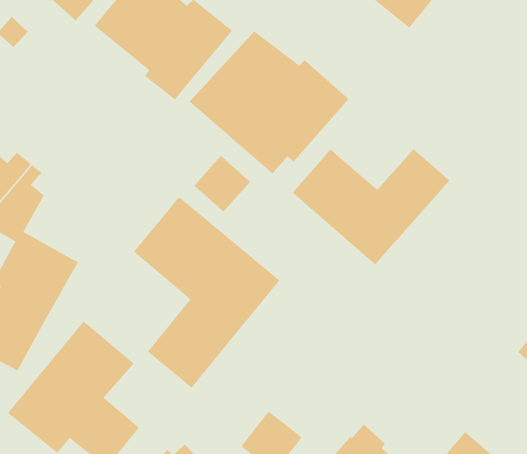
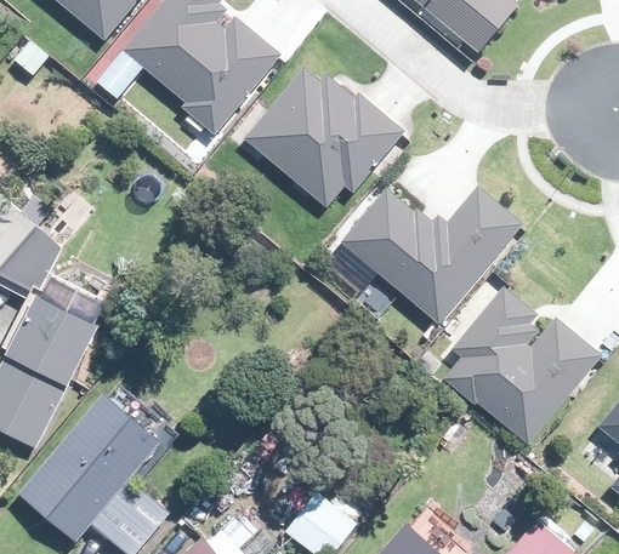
building: [193,155,251,213] -> none
building: [133,196,280,388] -> none
building: none -> [427,291,592,449]

